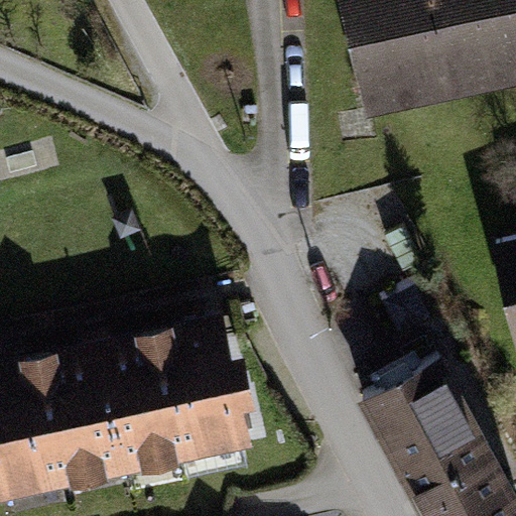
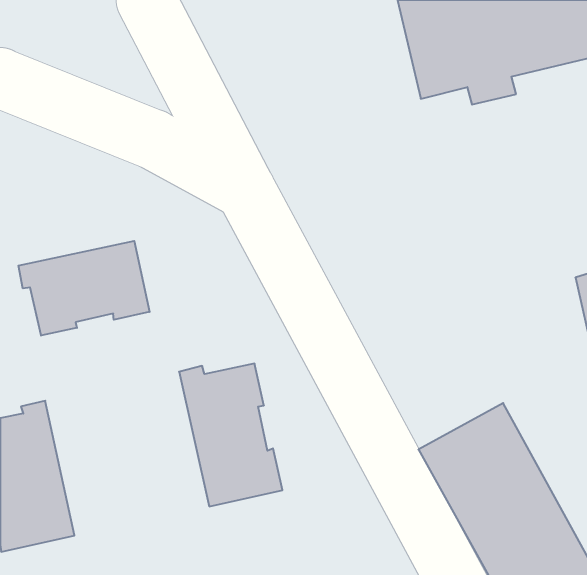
building: none -> [18,241,150,336]
building: [45,339,187,486] -> none

